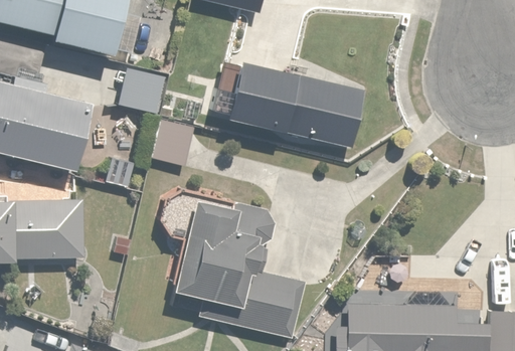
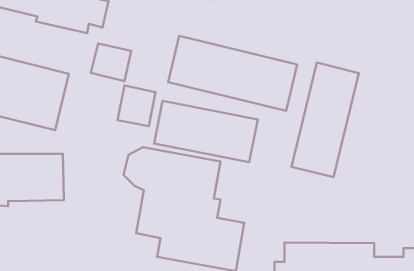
building: none -> [291,63,359,177]
building: none -> [154,101,258,162]

